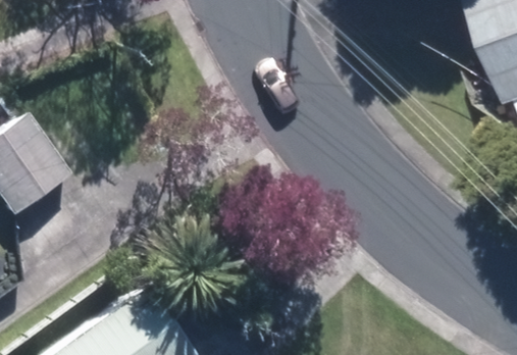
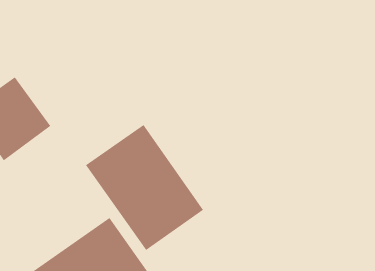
building: none -> [85,124,204,251]

